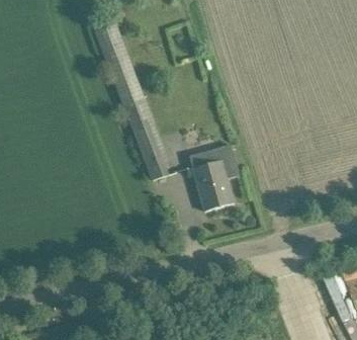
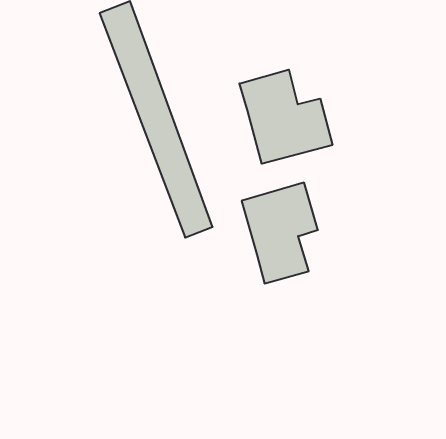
building: none -> [239,70,332,164]

